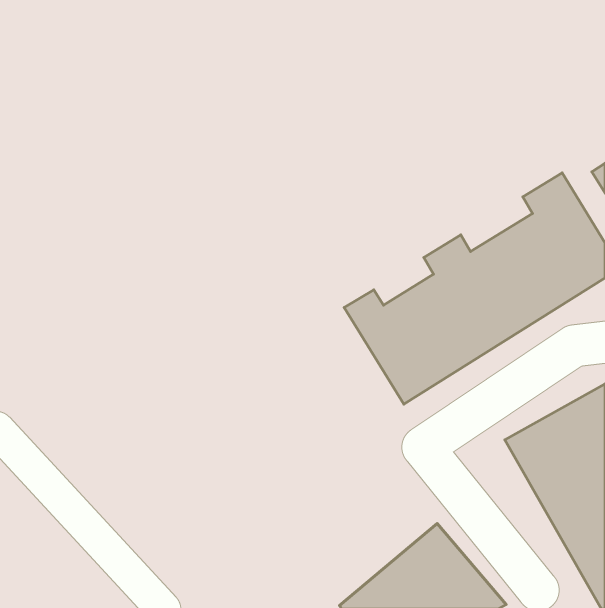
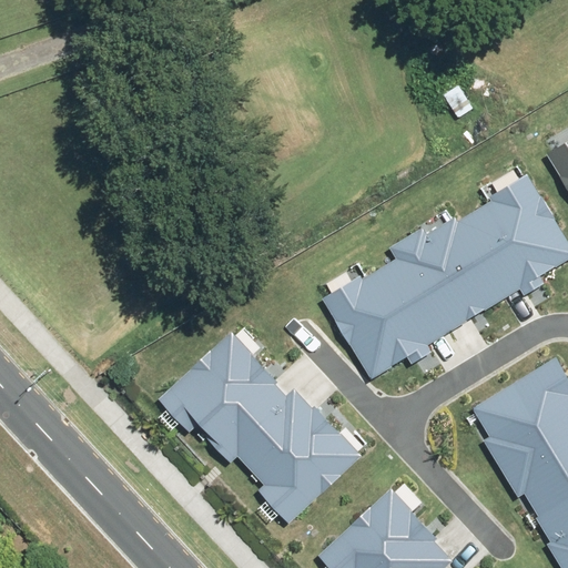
building: none -> [155,329,356,530]

